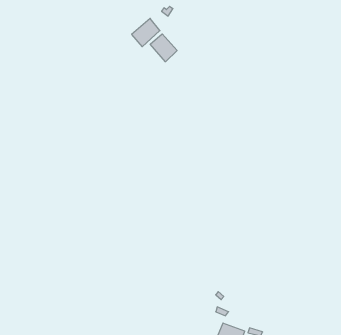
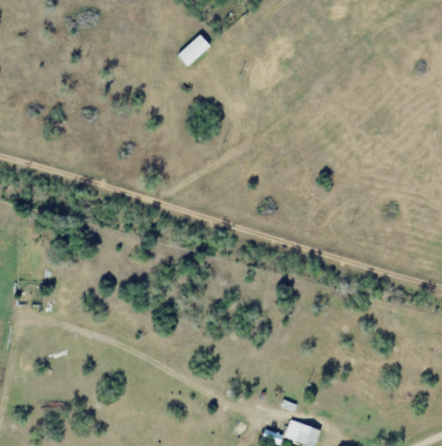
building: [150,34,177,62] -> none

